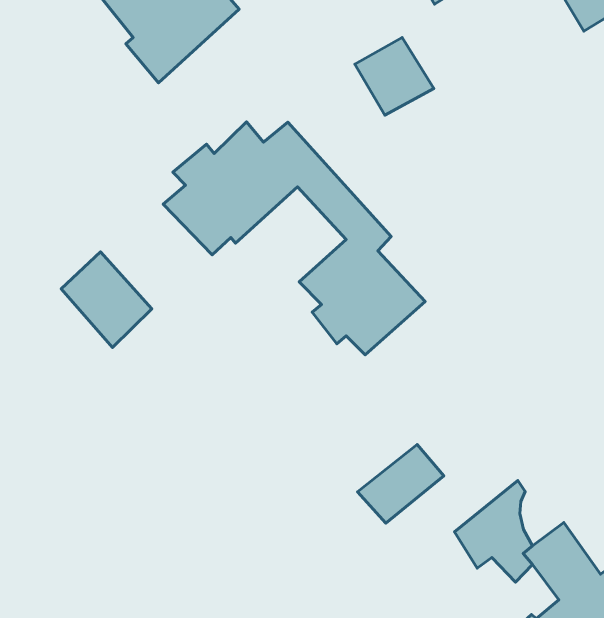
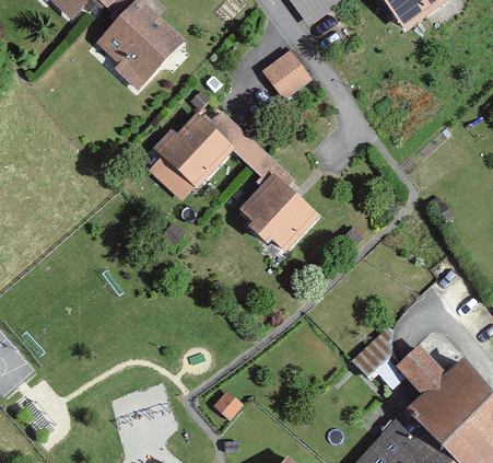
building: [61,252,152,347] -> none
building: [357,445,444,523] -> none

